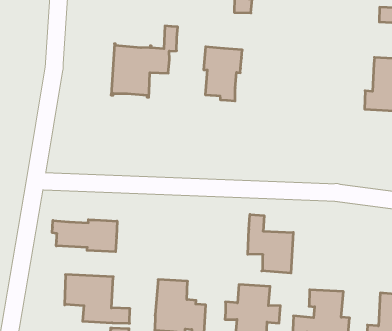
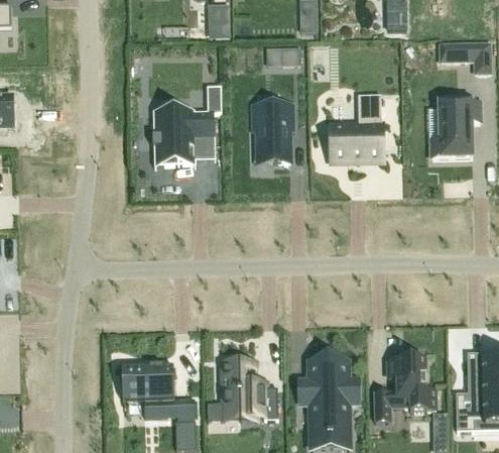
building: none -> [330,94,383,160]
building: [248,214,293,273] -> none
building: [52,220,117,252] -> none

